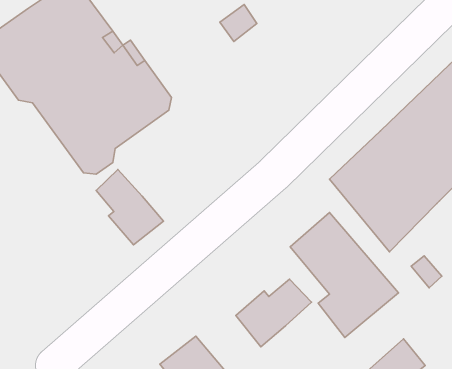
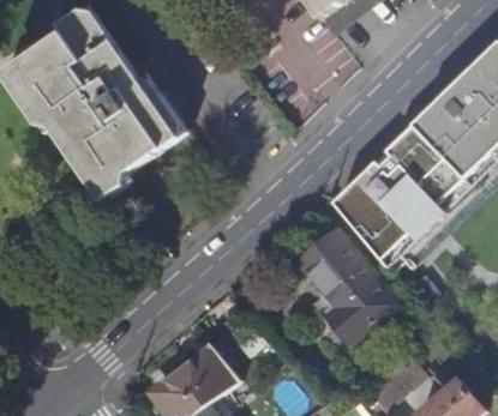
building: [96,169,163,245] -> none
building: [236,279,312,347] -> none

